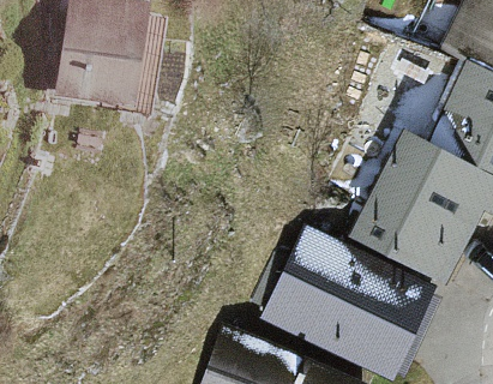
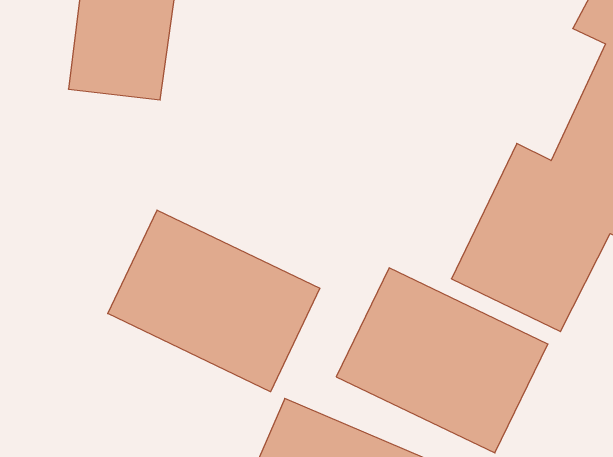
building: none -> [108,210,320,392]

